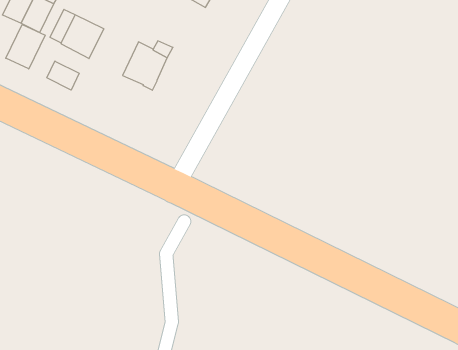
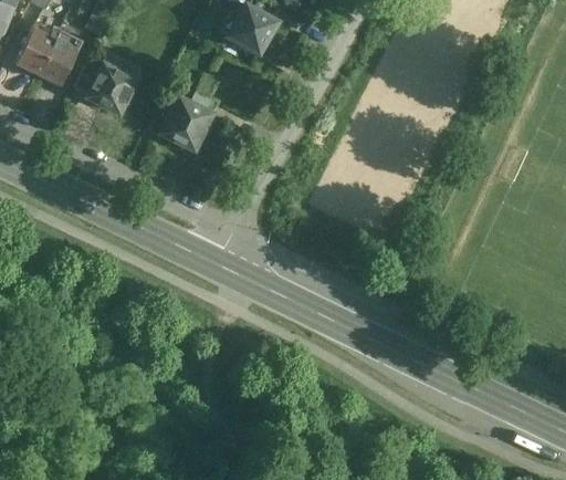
building: [6,24,45,69] -> none
building: [47,61,79,90] -> none

